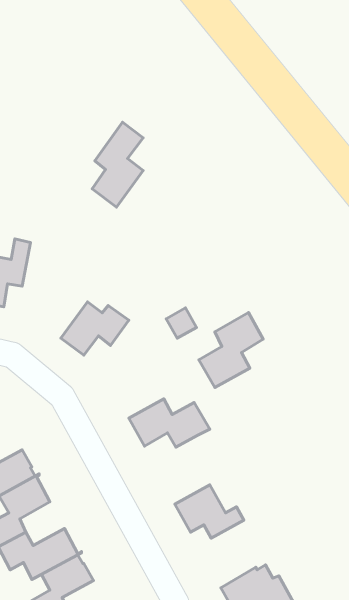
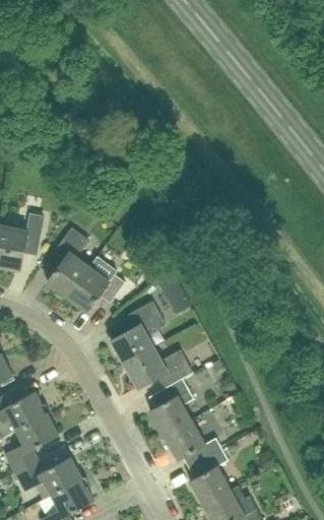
building: [92,122,143,207] -> [47,225,89,297]
building: [199,312,263,388] -> [111,301,165,364]
building: none -> [148,378,193,436]
building: none -> [188,449,231,506]

